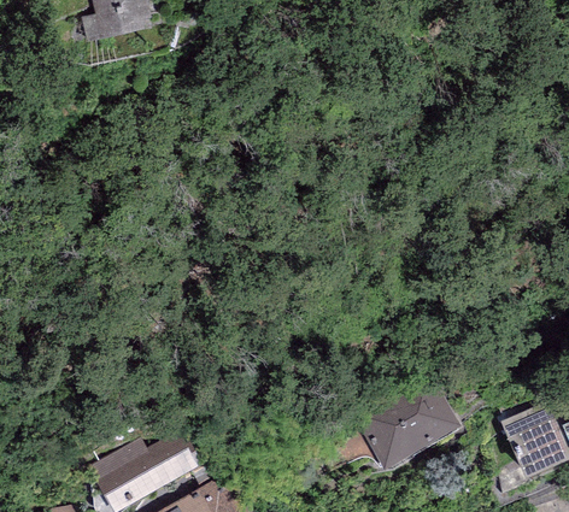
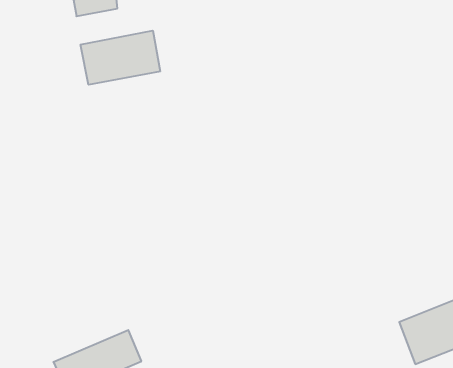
building: none -> [81,31,160,85]
building: [360,386,461,467] -> none

